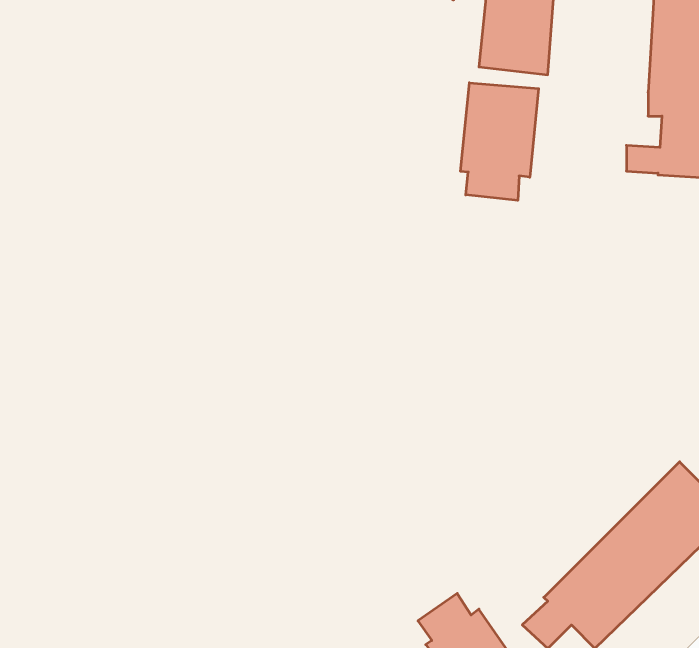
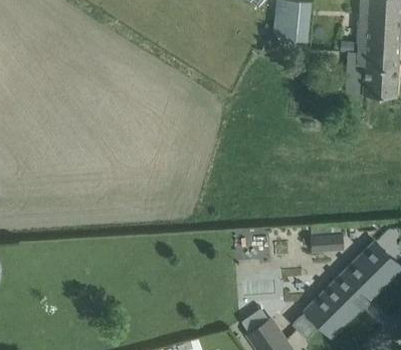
building: [461,83,539,200] -> none
building: none -> [311,228,342,252]

